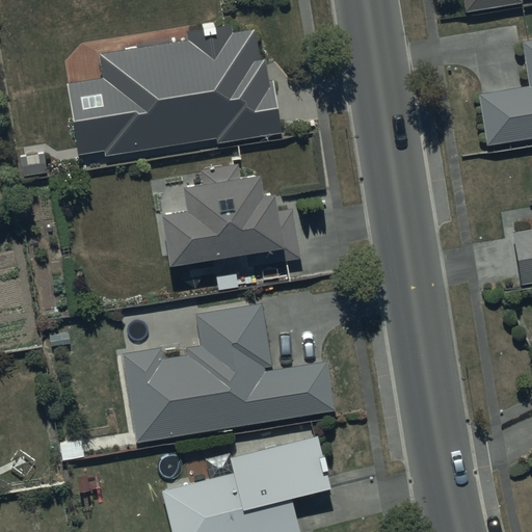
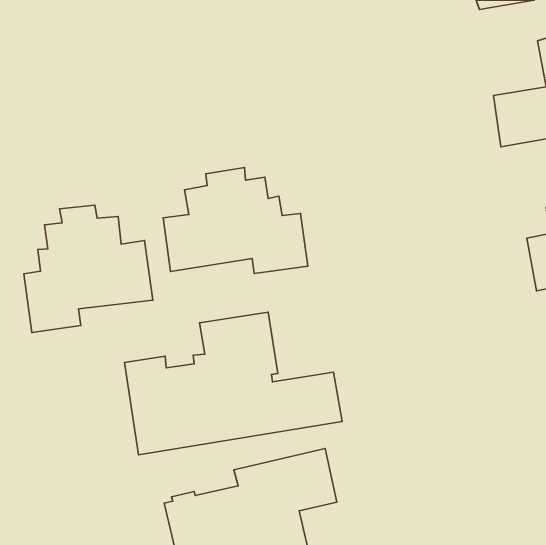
building: [68,24,281,156] -> none
building: none -> [24,205,153,332]

